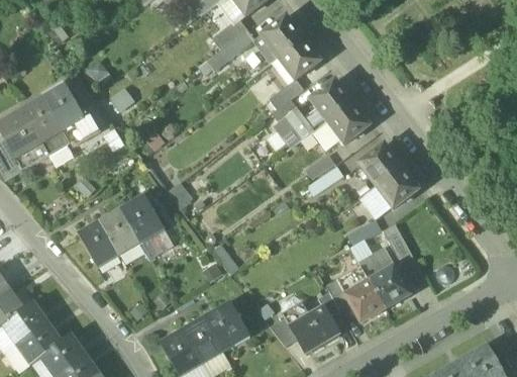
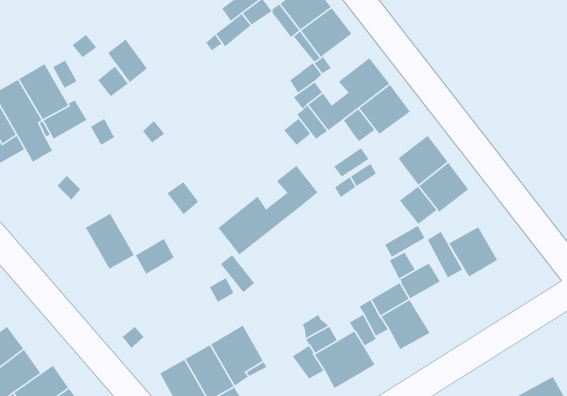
building: none -> [107,38,148,84]
building: none -> [217,165,318,256]
building: [120,194,165,243] -> none
building: [78,219,119,268] -> none
building: [369,265,410,307] -> [448,226,498,277]

